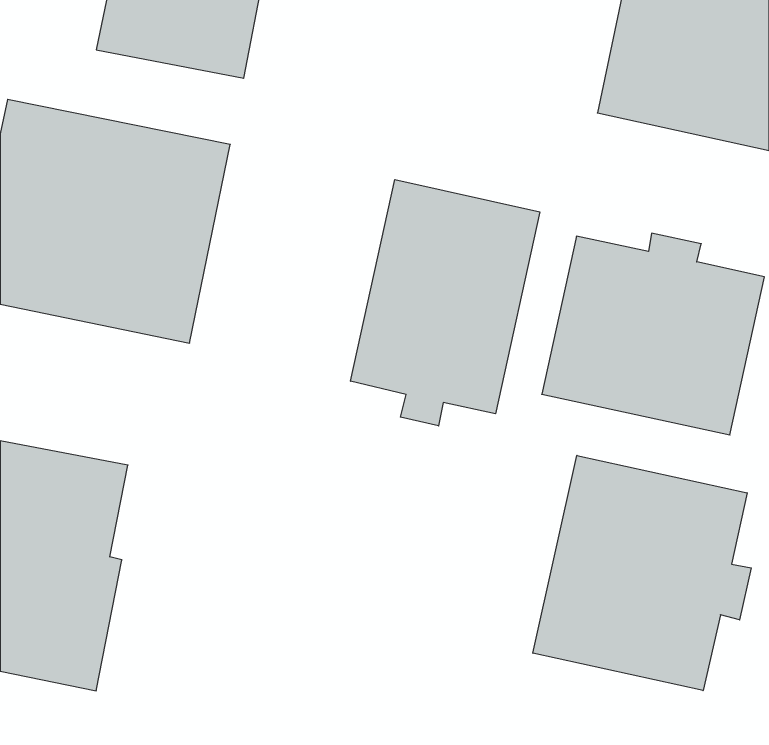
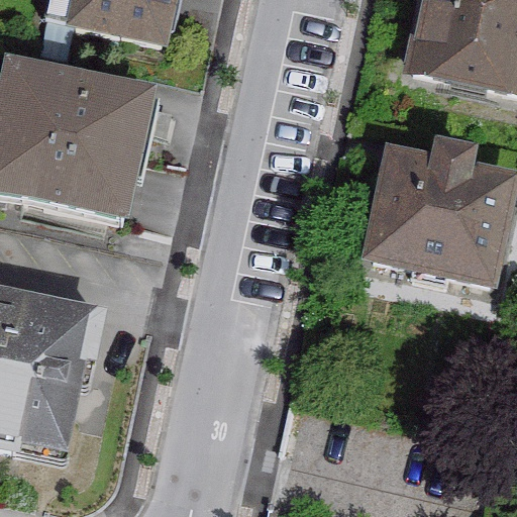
building: [351,180,540,426] -> none
building: [533,455,751,691] -> none

